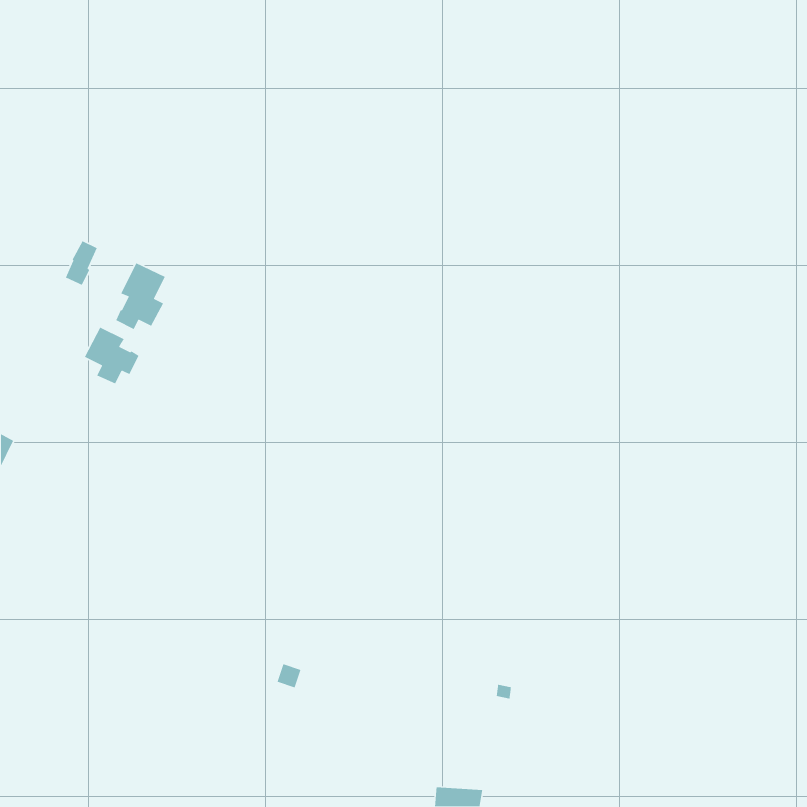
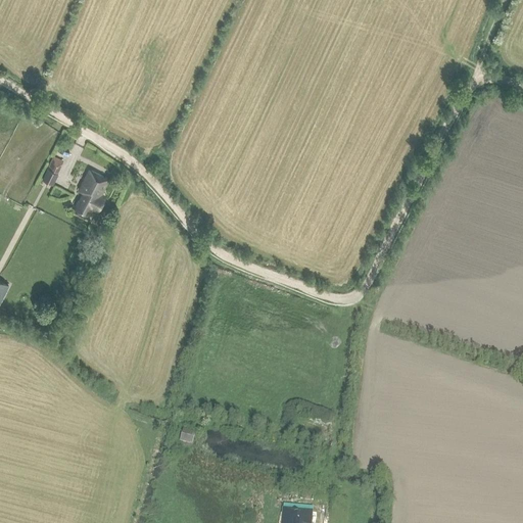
building: [84,326,140,385] -> none

